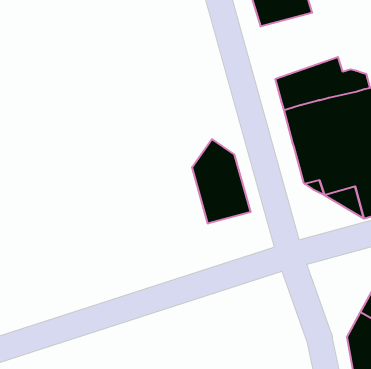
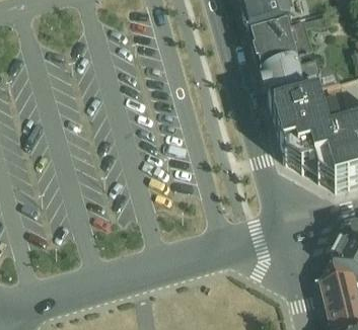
building: none -> [252,16,331,77]
building: [192,139,251,224] -> none

